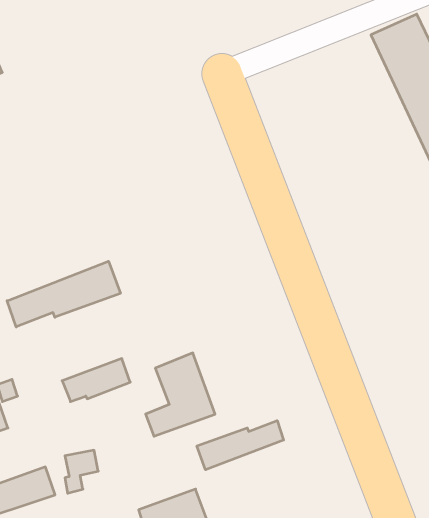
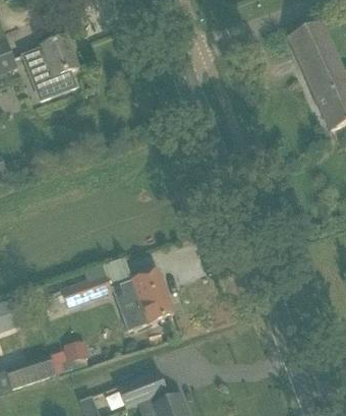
building: none -> [22,38,76,101]
building: [7,261,120,327] -> none
building: [197,421,284,470] -> none

